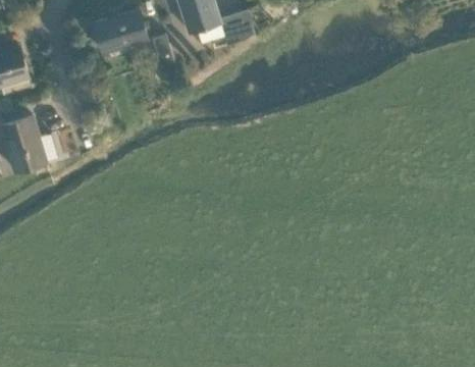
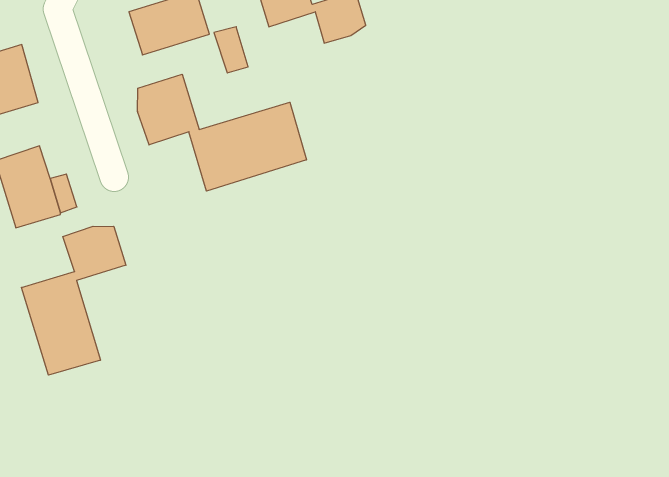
building: none -> [138,74,306,191]
building: none -> [21,226,126,375]

